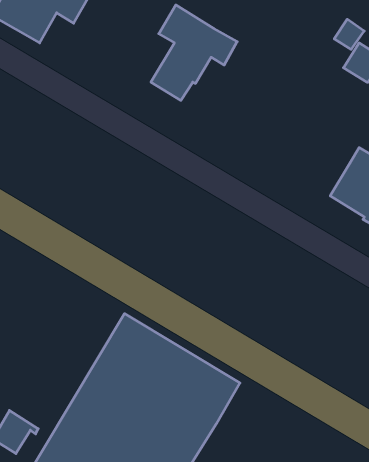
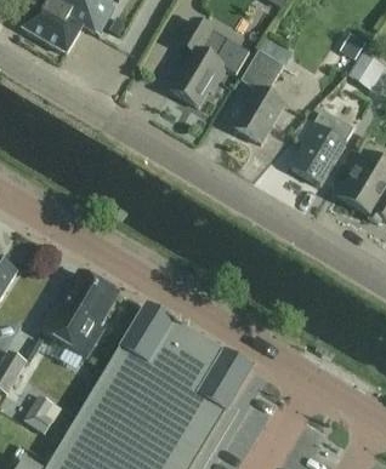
building: none -> [232,38,294,143]
building: none -> [290,109,352,184]
building: none -> [44,271,118,355]

